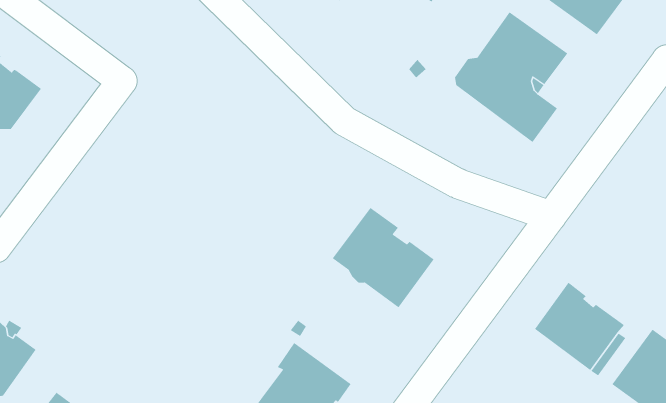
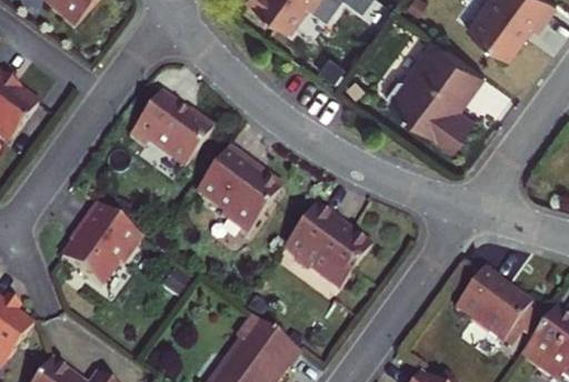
building: none -> [129,93,214,167]
building: none -> [197,145,281,234]
building: none -> [61,204,142,285]

